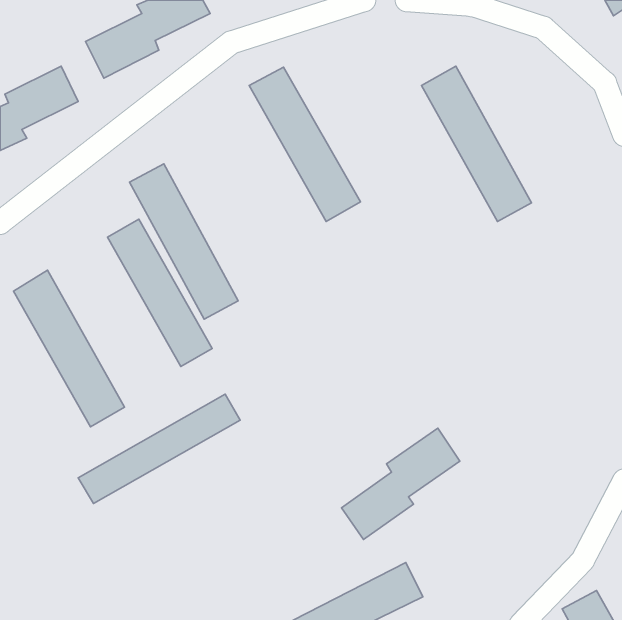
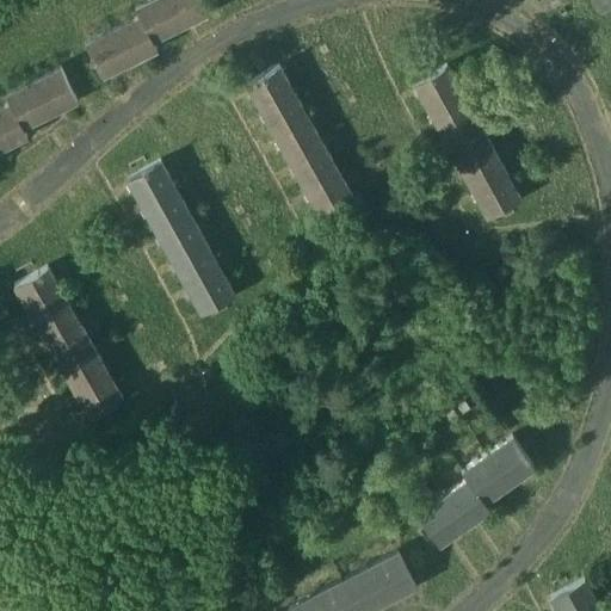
building: [107,219,212,367] -> none
building: [78,394,240,504] -> none
building: [341,428,460,540] -> [420,438,536,547]

